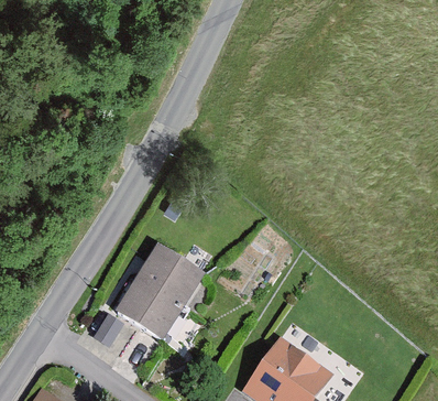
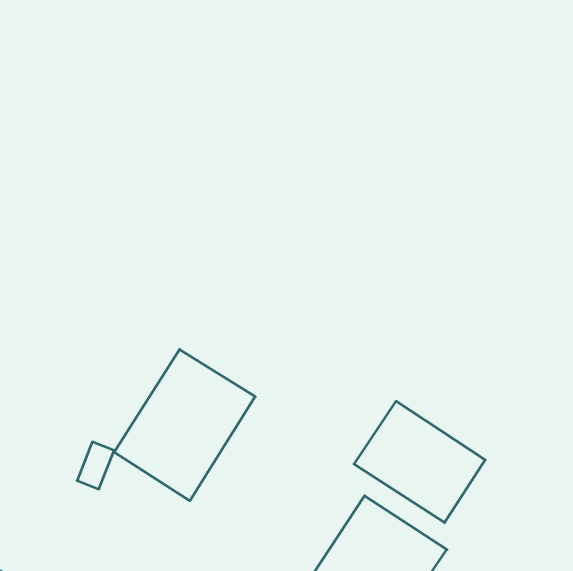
building: none -> [354,401,485,523]

